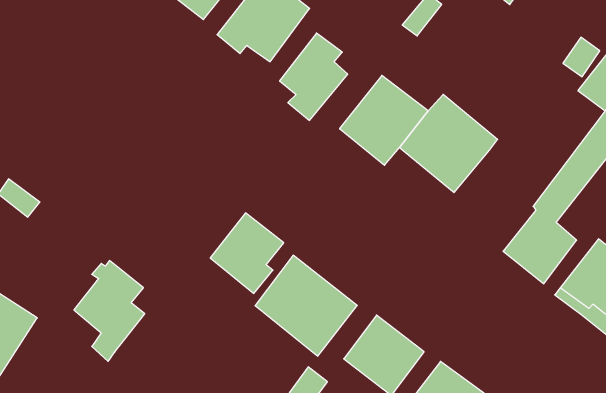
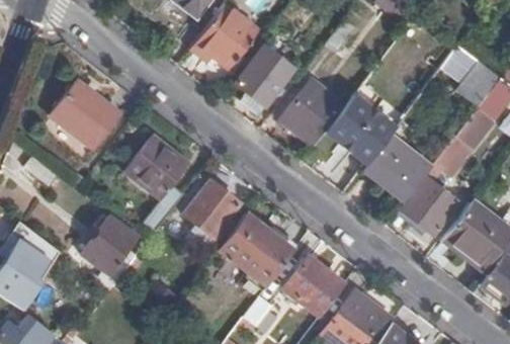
building: none -> [53,80,121,148]
building: none -> [363,134,432,200]
building: none -> [128,137,189,229]

